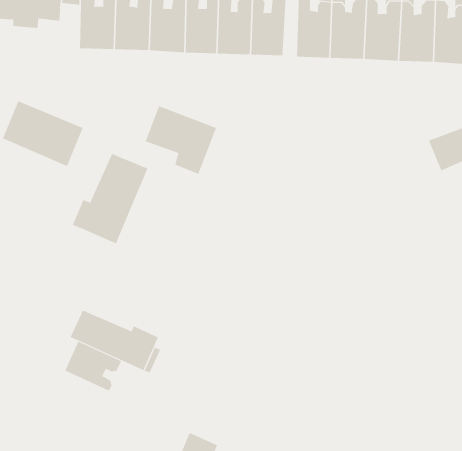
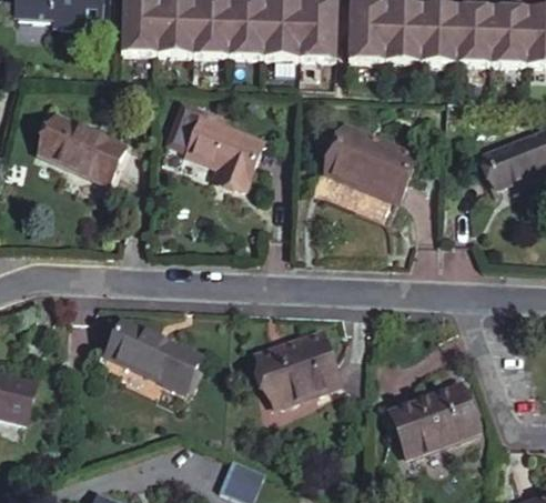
building: none -> [325,122,413,198]
building: [72,153,148,244] -> none
building: none -> [255,328,341,404]
building: [65,341,122,391] -> none
building: none -> [387,380,481,455]

